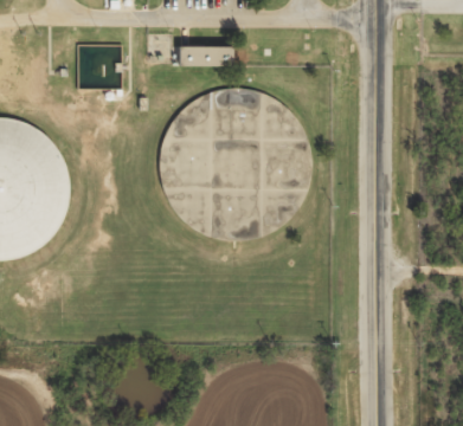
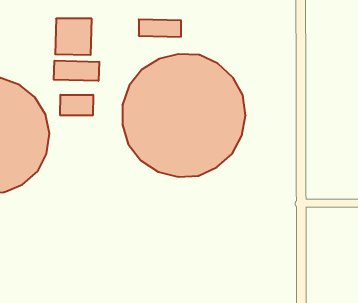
building: none -> [54,61,99,81]
building: none -> [60,95,93,115]

